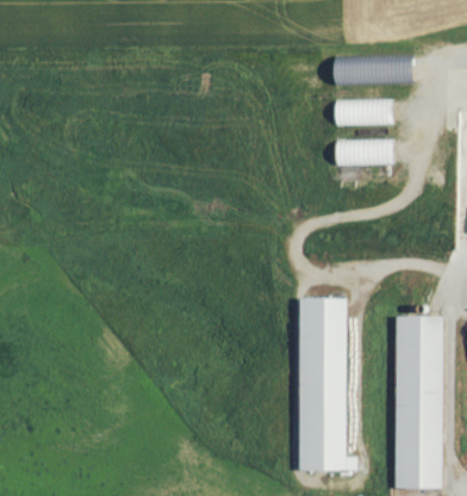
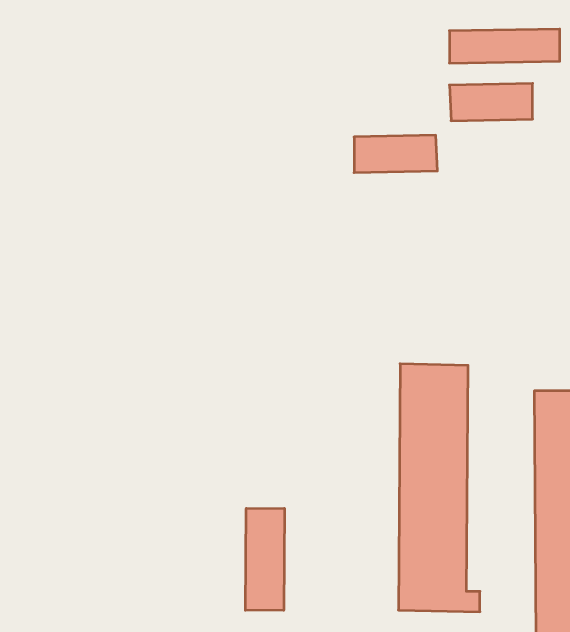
building: [336,138,394,165] -> [354,135,437,173]
building: none -> [245,508,284,610]

